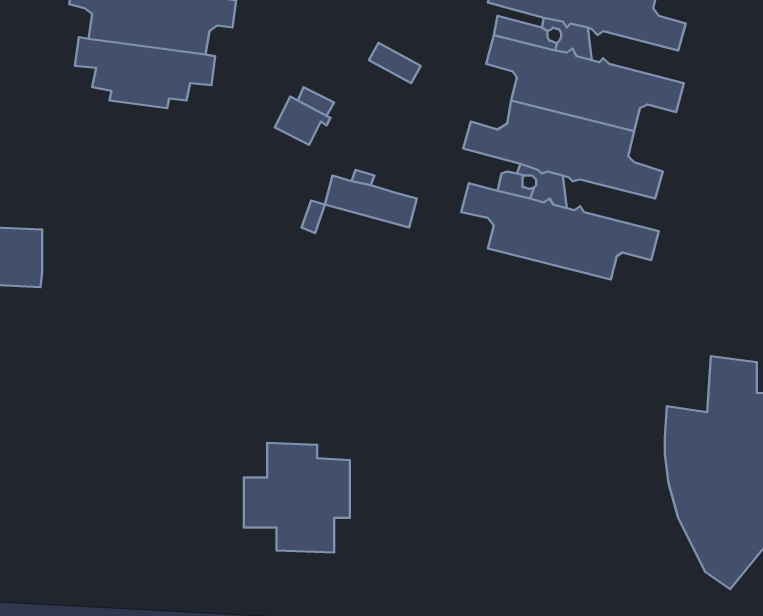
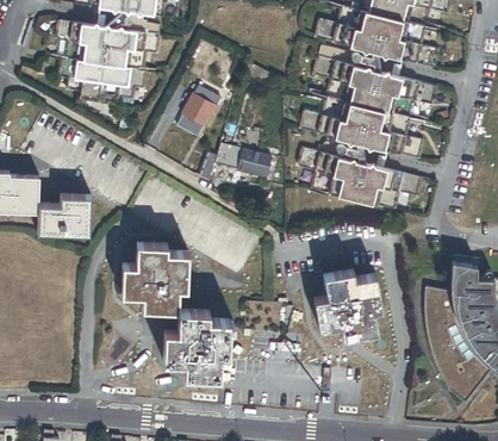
building: none -> [38,194,92,235]
building: none -> [123,243,189,309]
building: none -> [315,269,382,337]

